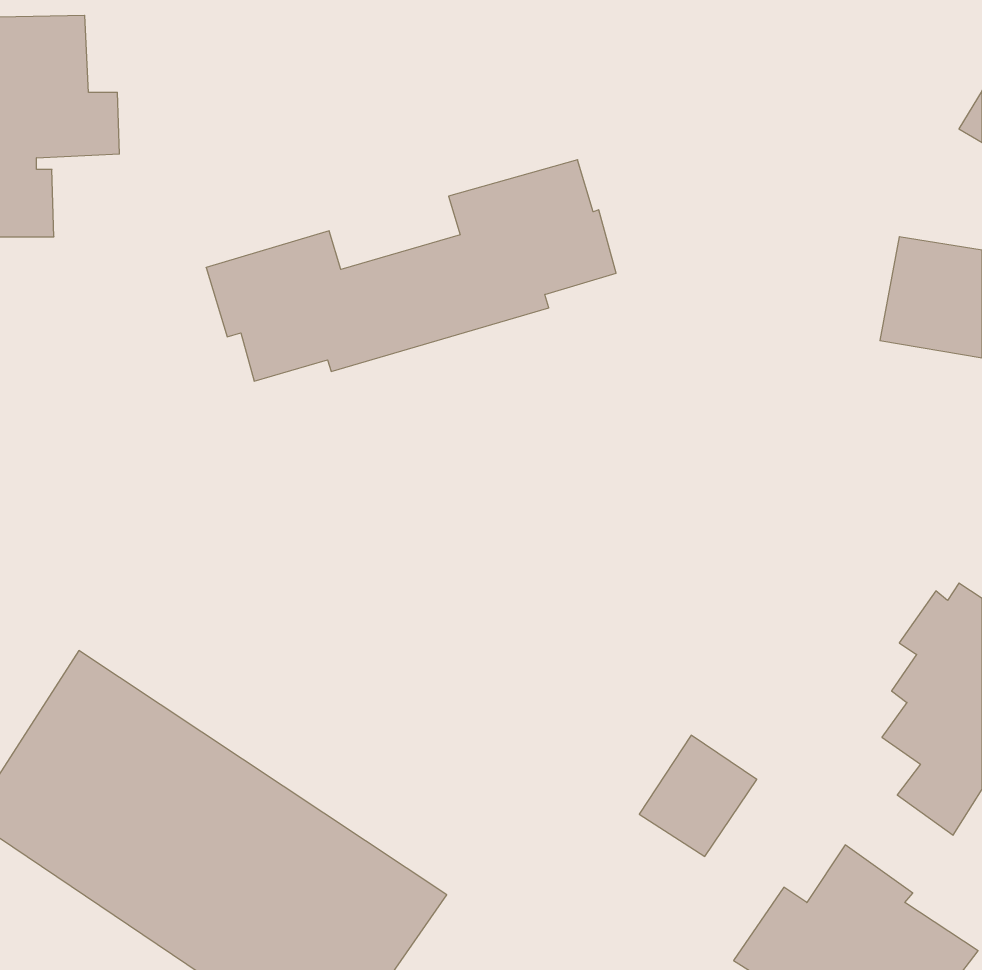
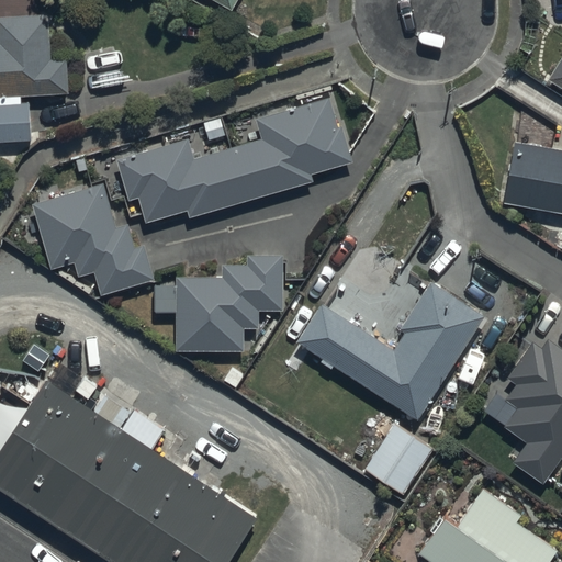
building: none -> [32,186,153,296]
building: none -> [177,257,281,352]
building: none -> [297,276,485,417]

